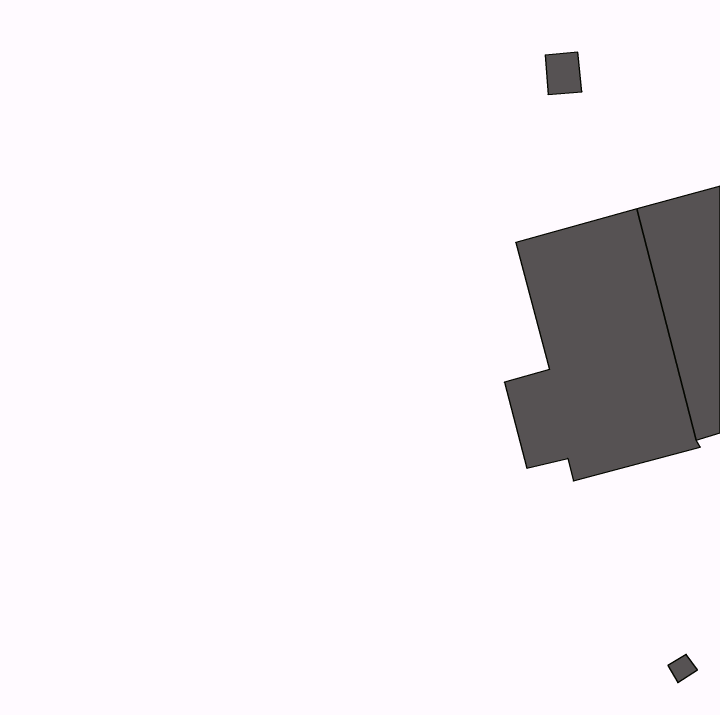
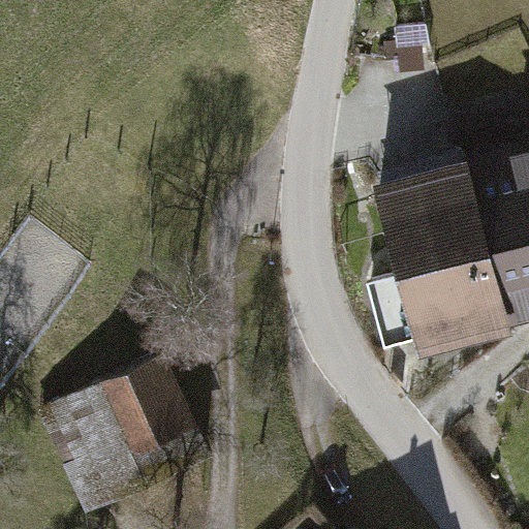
building: none -> [37,351,213,515]

